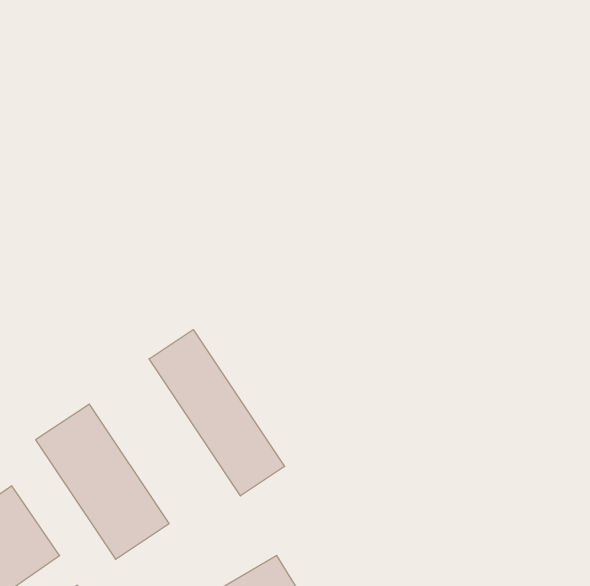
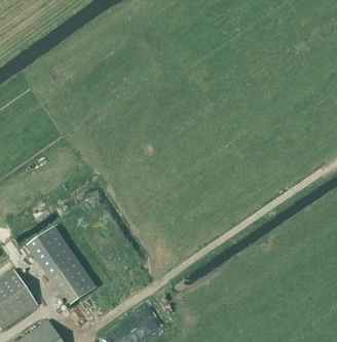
building: [149,330,285,496] -> none

